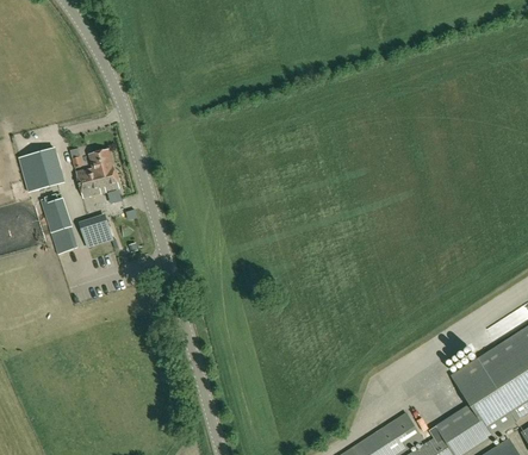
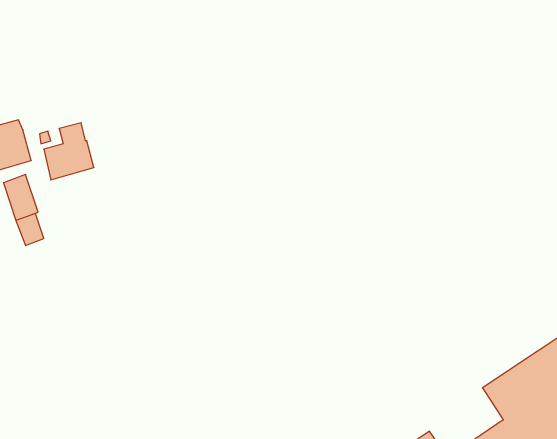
building: [81,216,116,250] -> none

